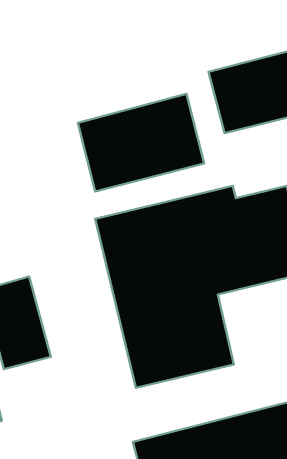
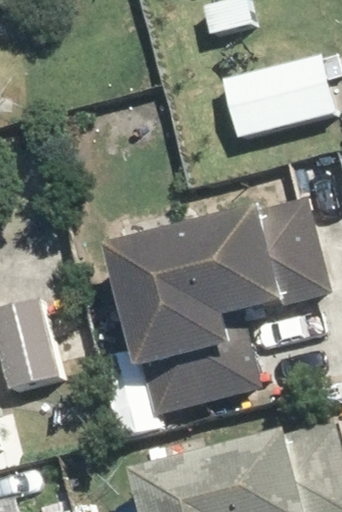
building: [78,94,204,192] -> none

